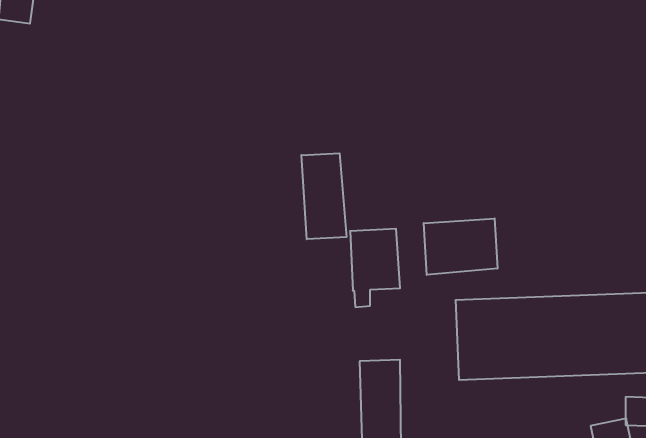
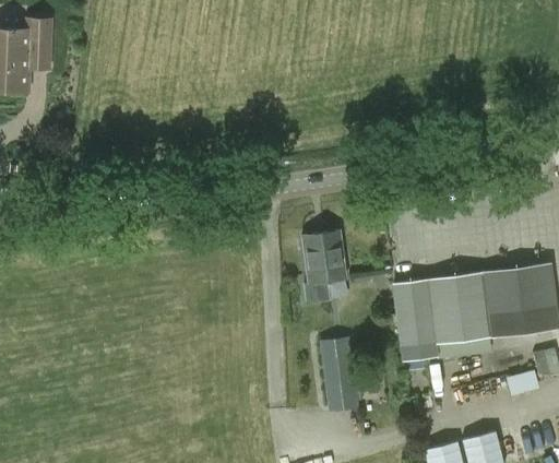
building: [301,153,346,239] -> none
building: [424,218,497,275] -> none

